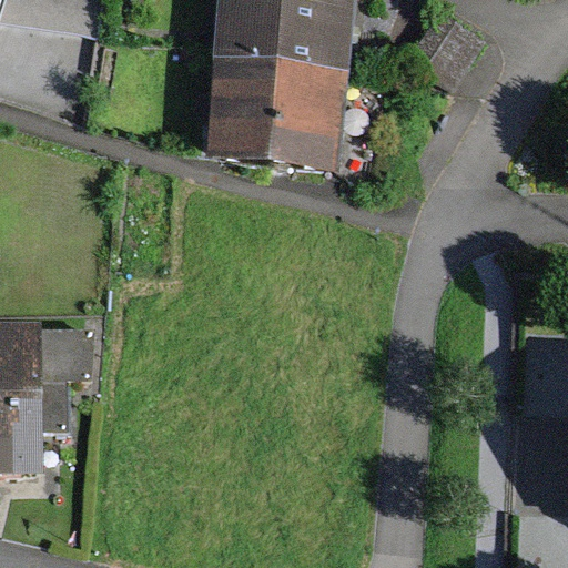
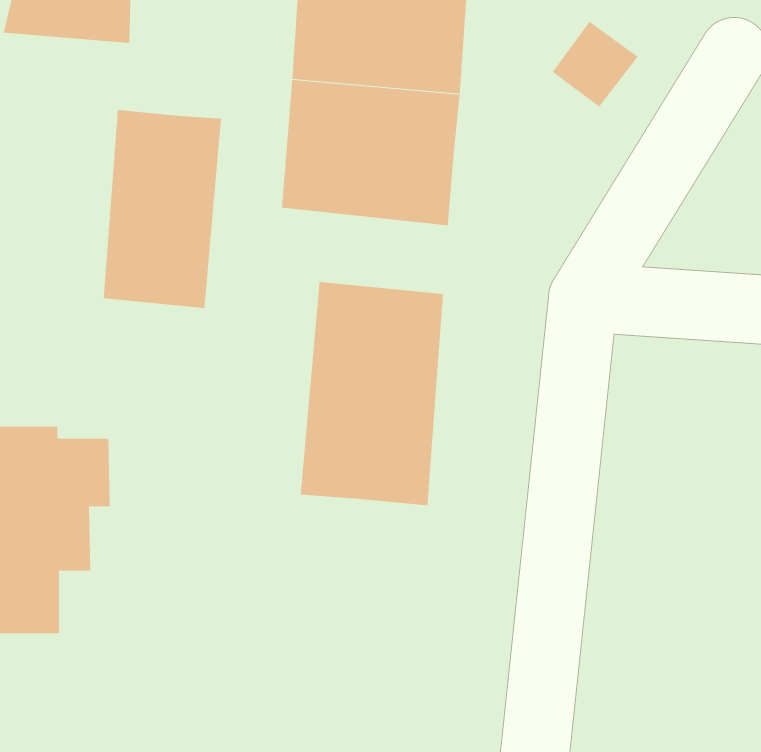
building: none -> [103,109,222,309]
building: none -> [300,281,444,506]

